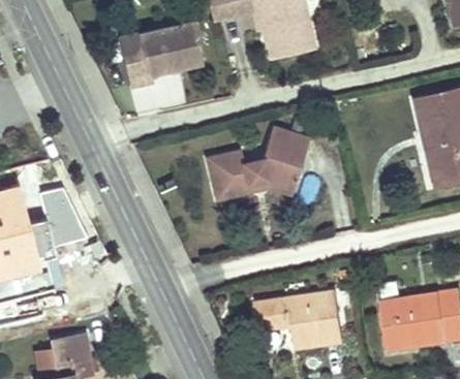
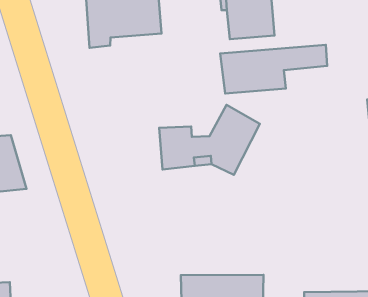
building: none -> [220,45,327,93]

